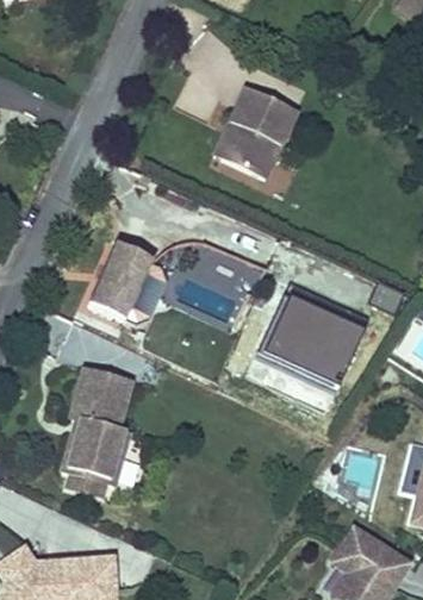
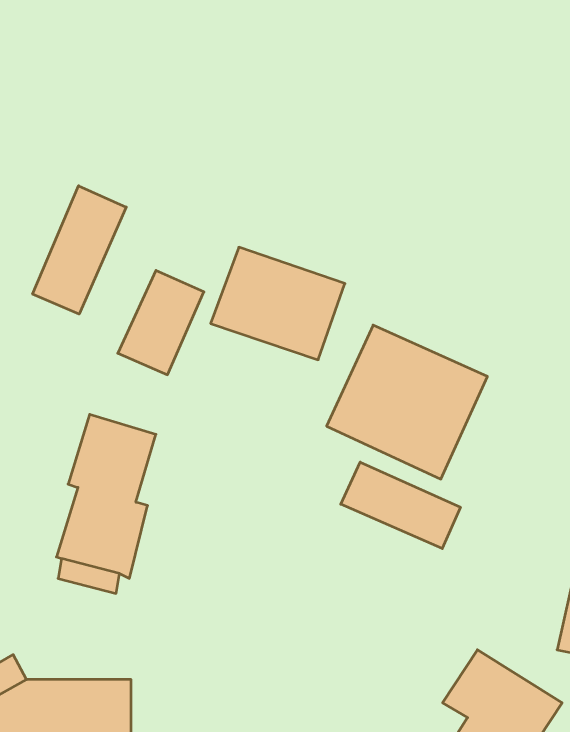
building: [224,92,296,181] -> none
building: none -> [33,186,126,314]
building: none -> [341,462,460,549]

